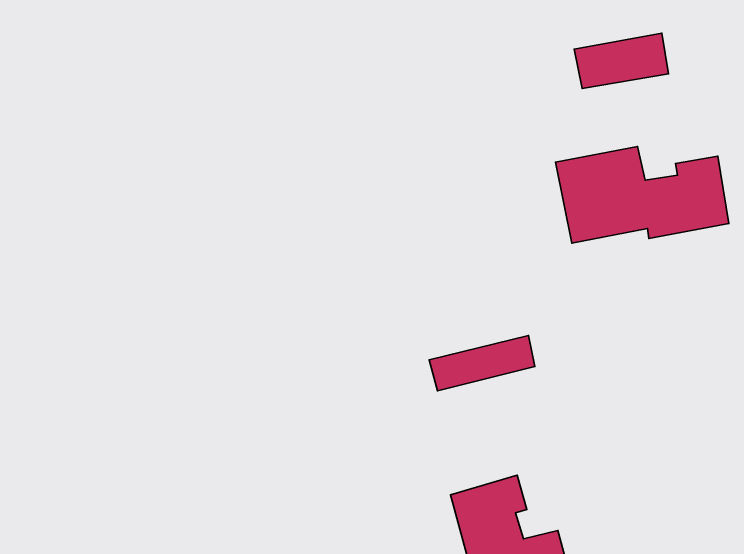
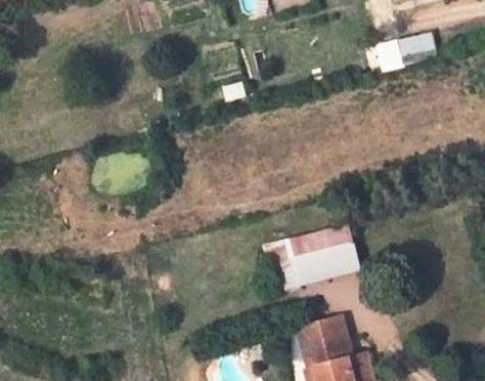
building: [555,147,729,243] -> none
building: none -> [290,244,359,289]

